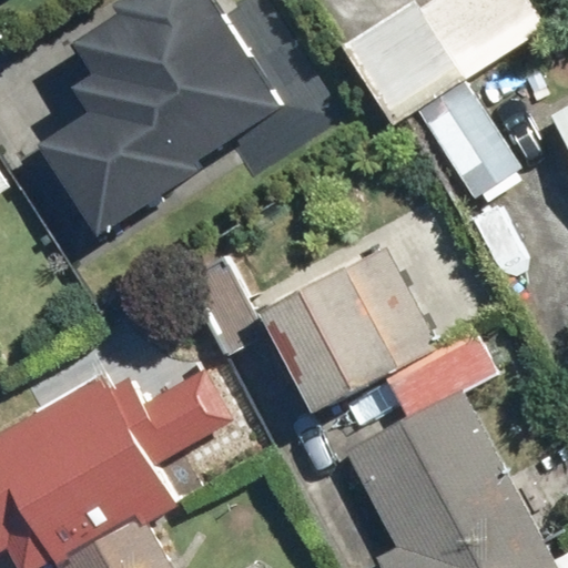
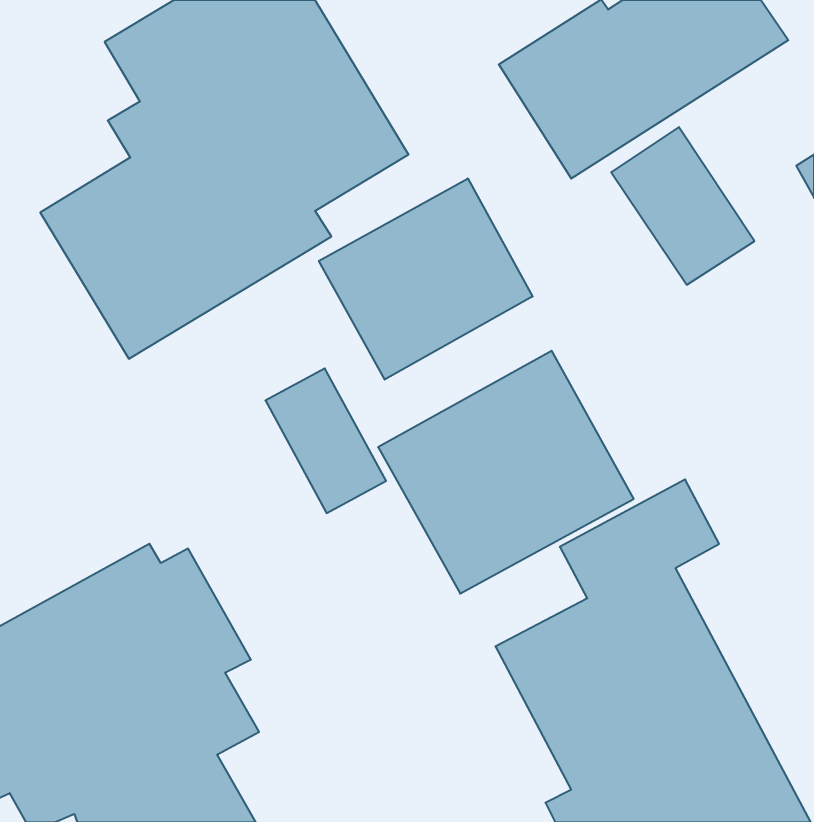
building: none -> [319,178,533,380]

